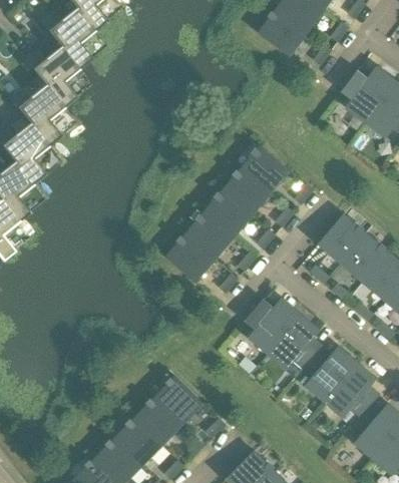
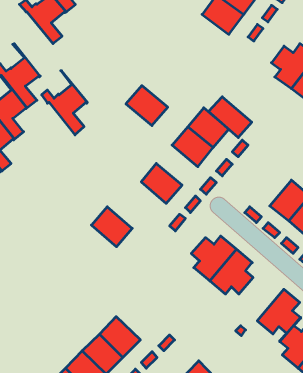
building: [24,29,79,106] -> [42,71,87,135]
building: none -> [208,97,252,138]
building: [204,189,254,237] -> [126,86,168,126]
building: [318,212,366,263] -> none
building: [166,233,216,282] -> [91,207,132,247]
building: [303,347,357,401] -> none
building: [155,375,205,424] -> none

